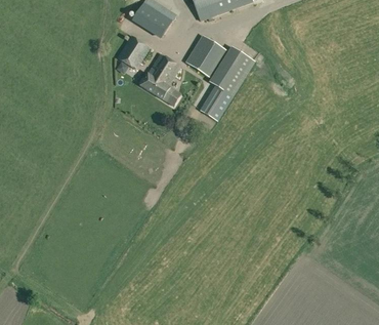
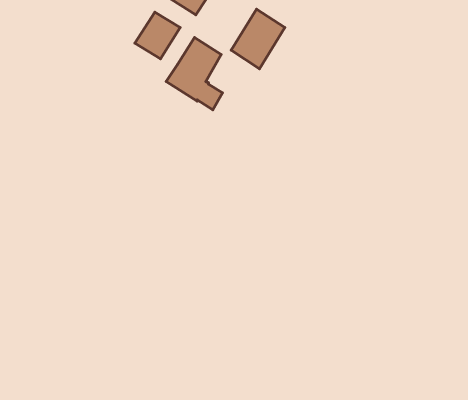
building: [199,50,253,119] -> none

